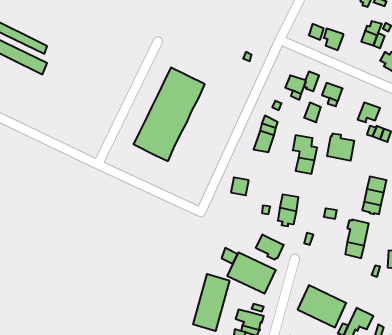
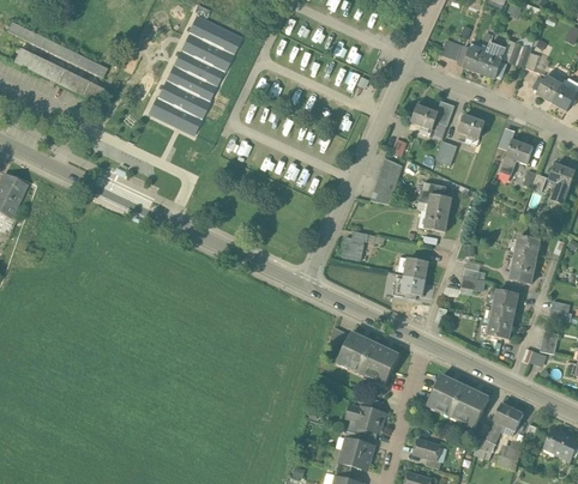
building: none -> [478,43,506,79]
building: [133,67,205,161] -> [149,16,240,135]
building: [327,133,354,161] -> none
building: [256,234,284,260] -> none
building: [193,274,229,331] -> none

